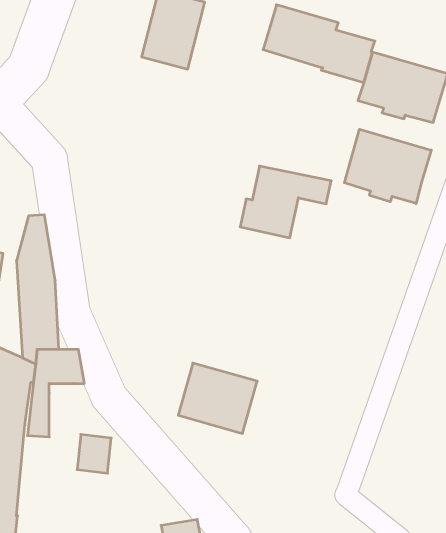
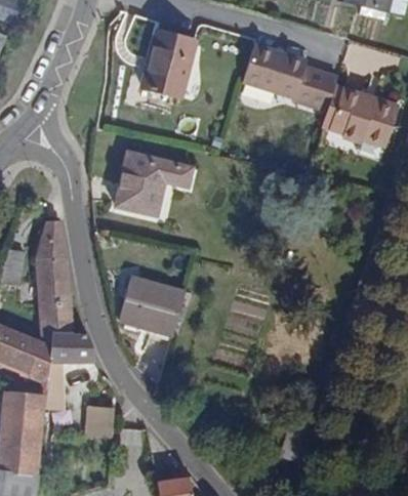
building: [344,129,431,204] -> none
building: [240,166,331,238] -> [114,155,191,215]
building: [178,363,257,433] -> [118,277,185,336]

